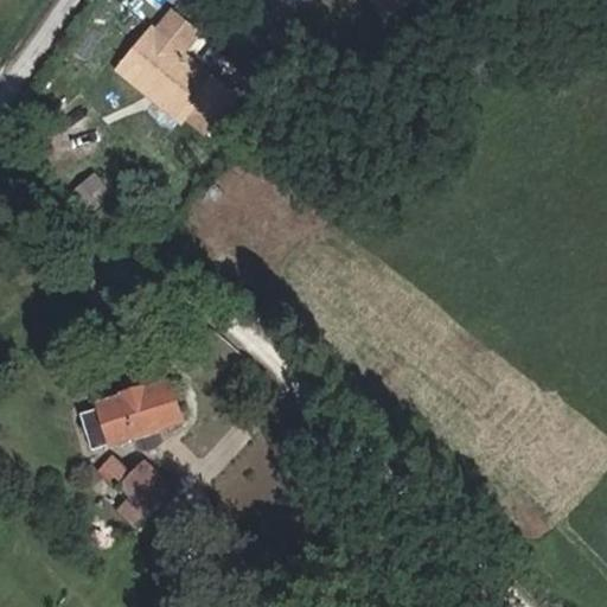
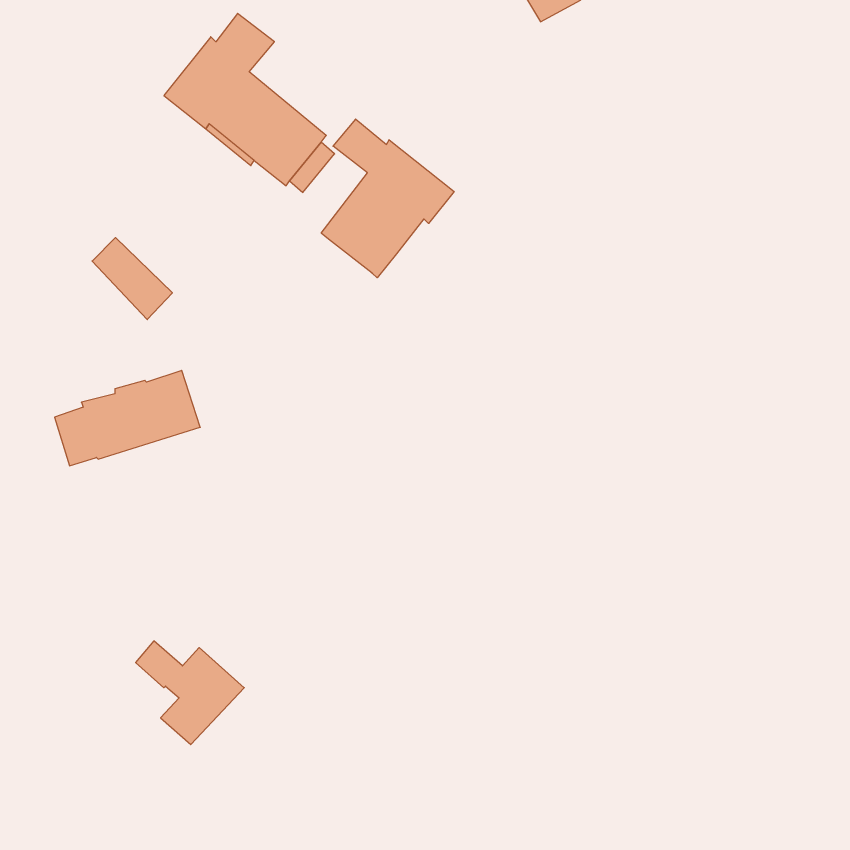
building: none -> [321,119,454,278]
building: [77,379,180,447] -> [55,370,200,466]

